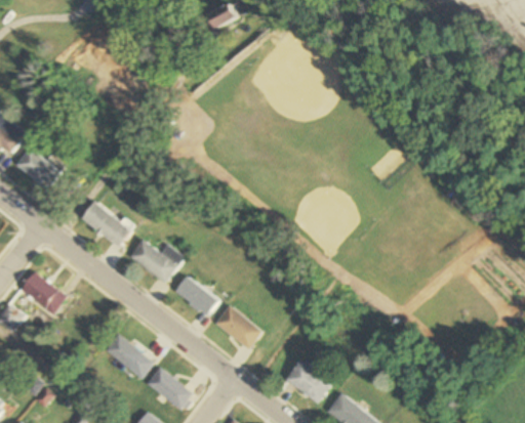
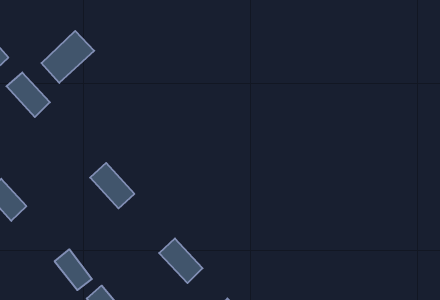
building: none -> [41,31,94,83]
building: [79,199,128,244] -> none
building: [170,272,219,318] -> none

